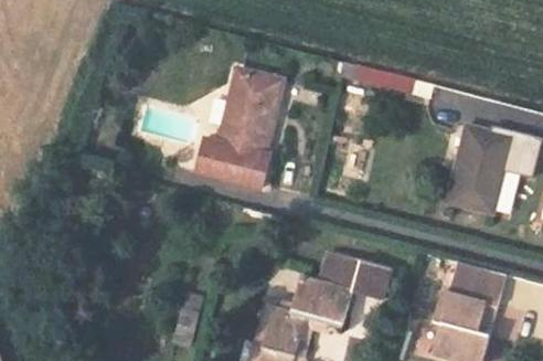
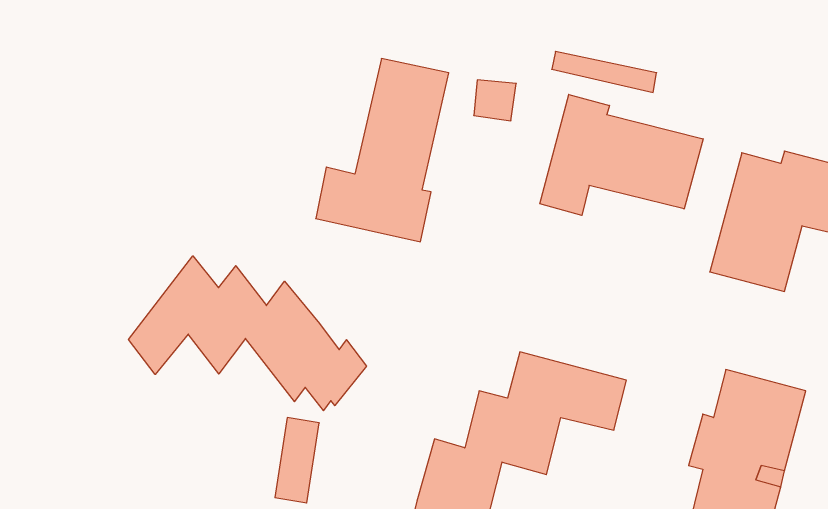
building: none -> [540,94,703,215]
building: none -> [129,256,366,411]

